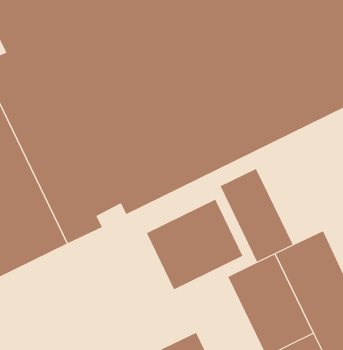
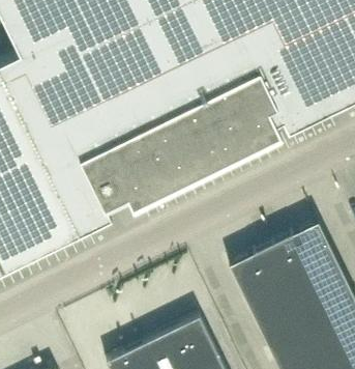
building: [220,168,293,262] -> none
building: [146,199,243,290] -> none

